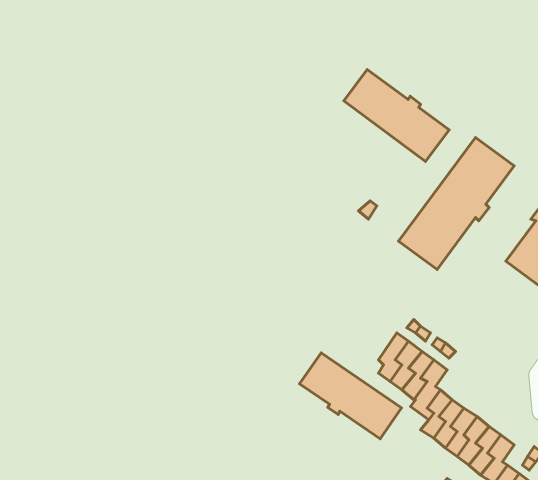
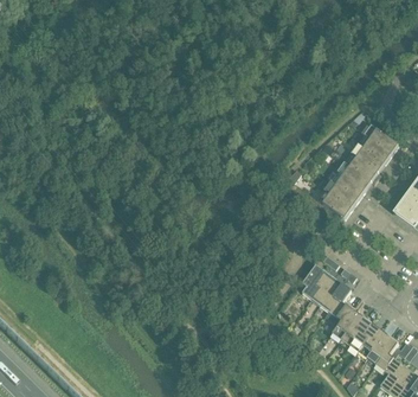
building: [344,69,449,161] -> none
building: [300,353,401,439] -> none

